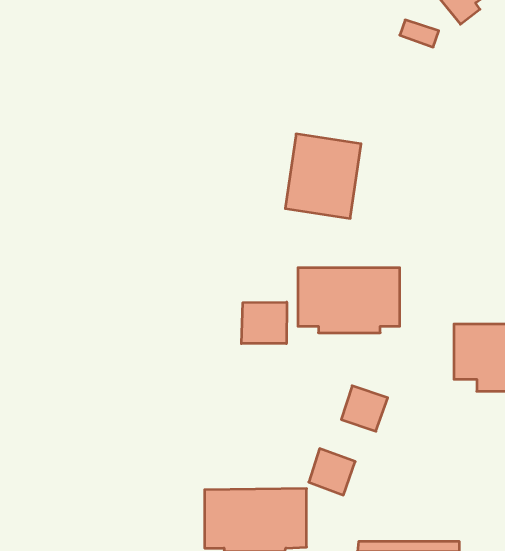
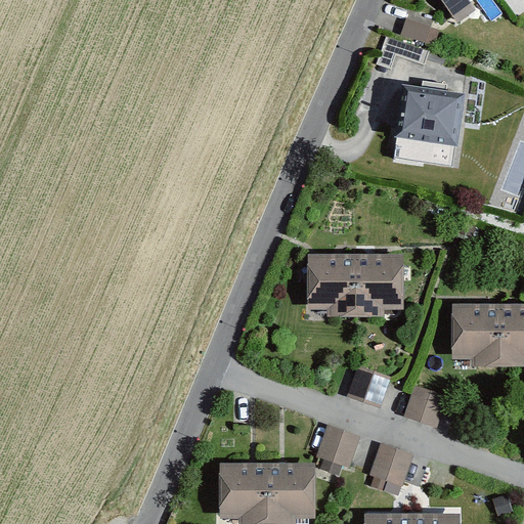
building: [285,134,361,218] -> [395,87,467,167]
building: [241,302,287,344] -> none
building: none -> [404,386,447,427]
building: none -> [368,444,412,486]

